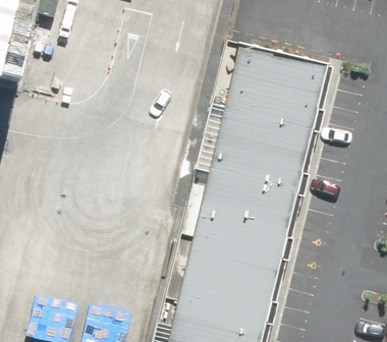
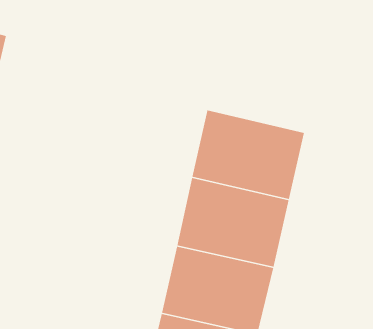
building: [221,45,327,129] -> none

